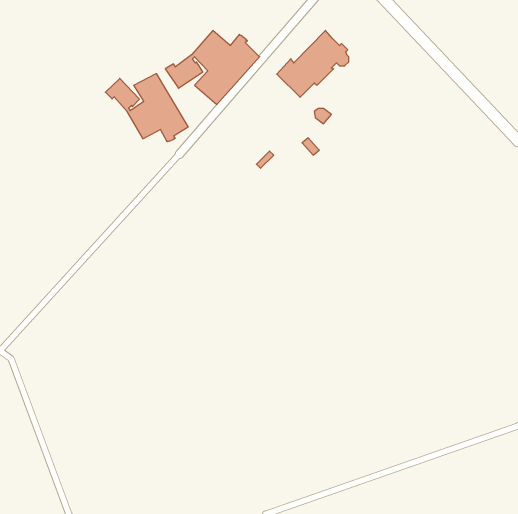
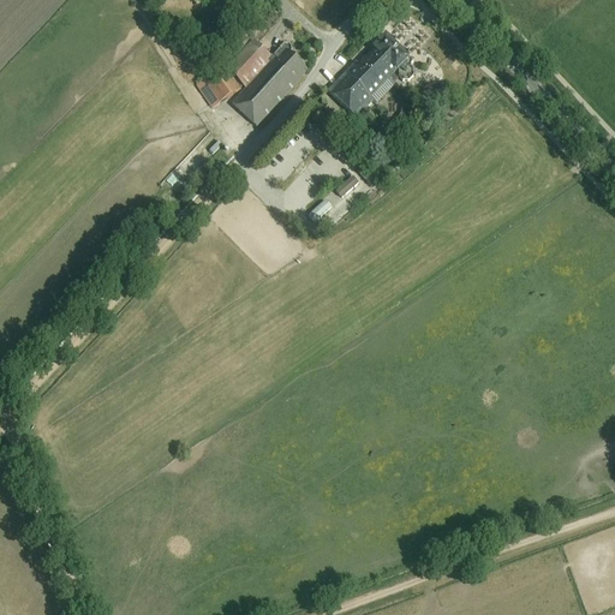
building: [105,74,188,142] -> none

